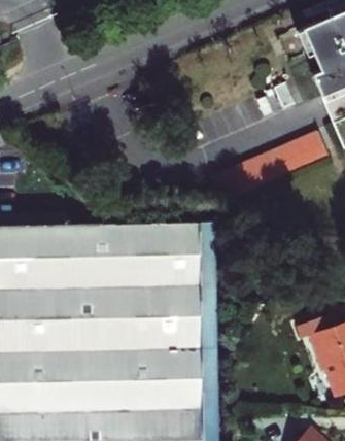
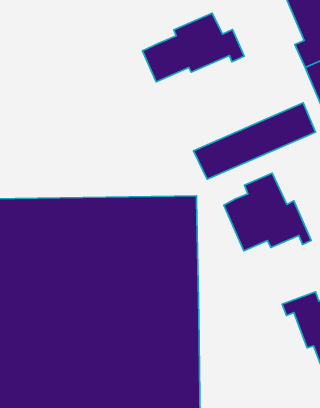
building: none -> [142,13,244,82]
building: none -> [224,173,311,251]

